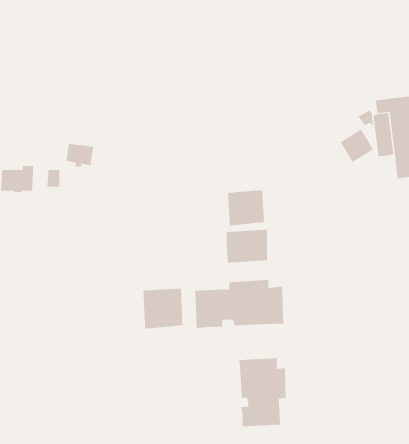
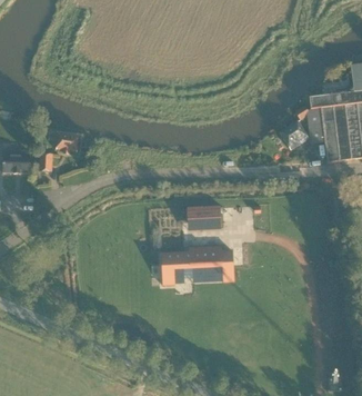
building: [227,190,264,226] -> none
building: [143,288,183,329] -> none
building: [239,358,286,427] -> none

